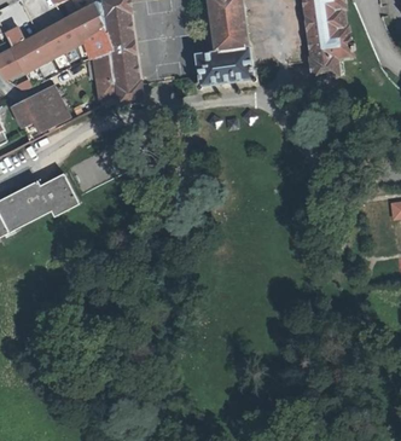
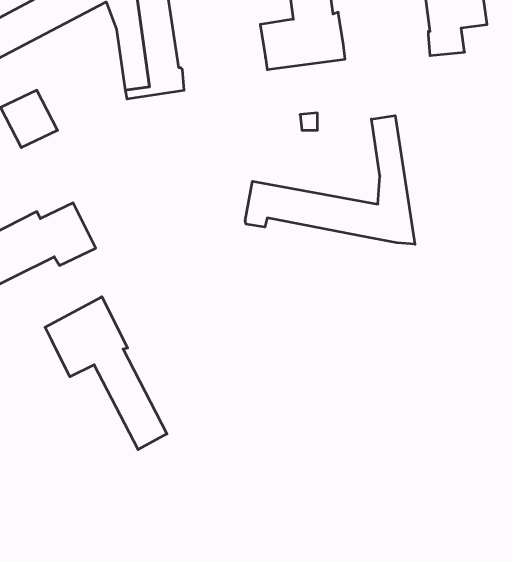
building: [39,88,69,124] -> none
building: none -> [245,116,415,244]
building: none -> [45,297,167,450]

